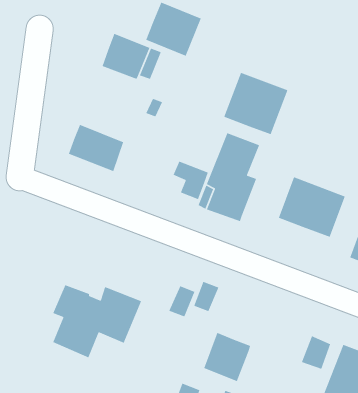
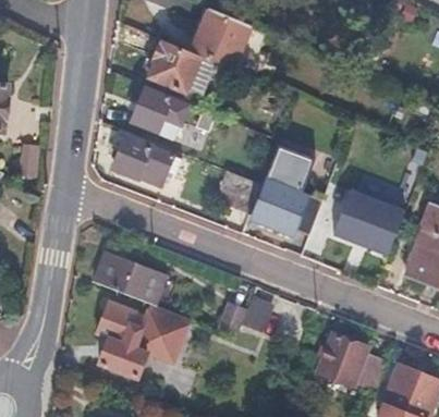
building: [223,72,289,135] -> none
building: none -> [130,88,183,134]
building: none -> [94,253,164,305]
building: [203,332,251,382] -> [318,334,368,387]

